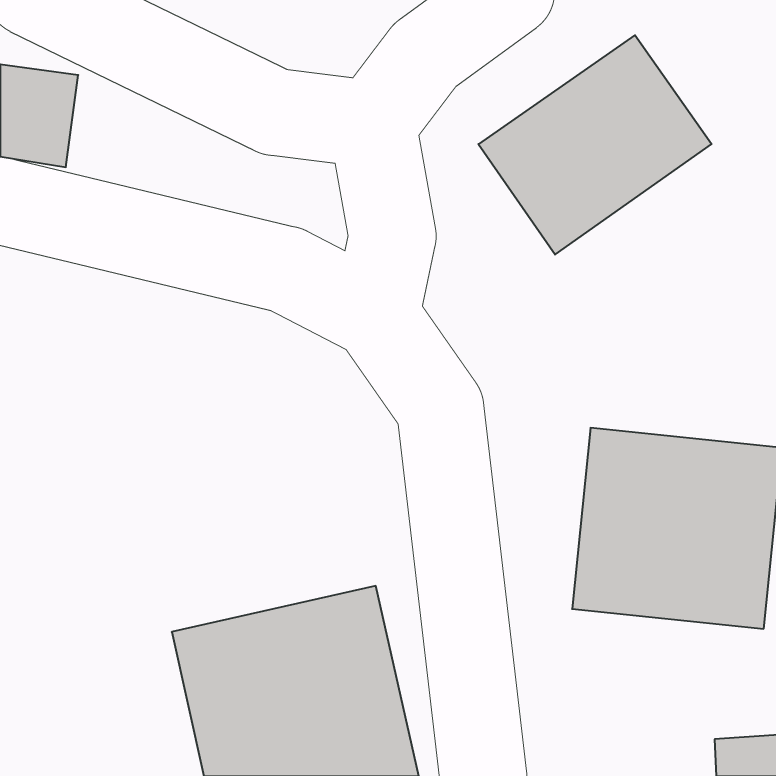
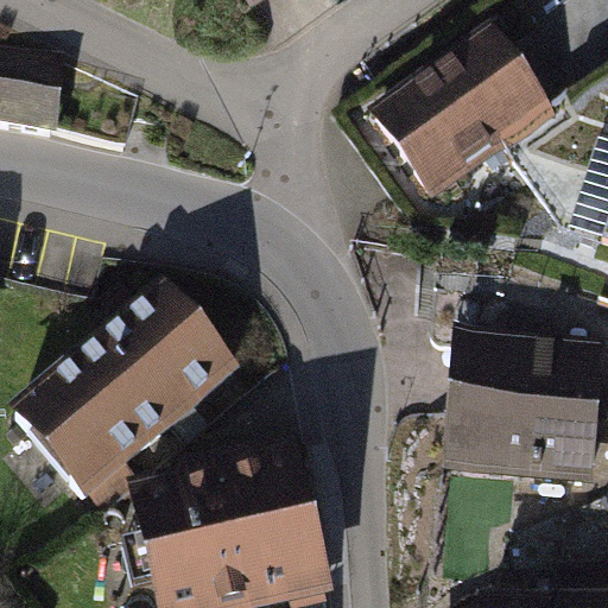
building: none -> [17,289,242,502]

